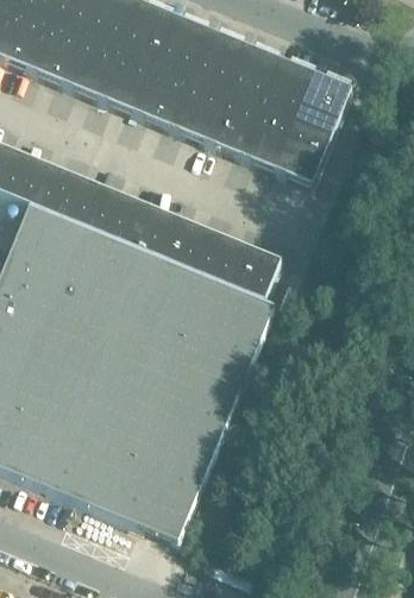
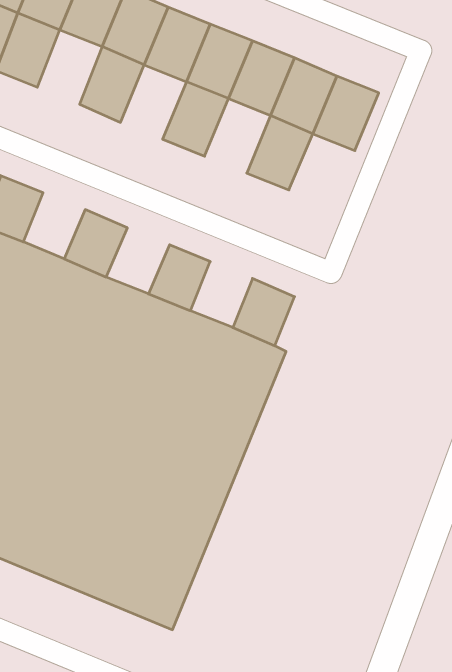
building: [62,31,117,94] -> none
building: [132,61,188,124] -> none
building: [203,89,259,152] -> none
building: [275,119,331,182] -> none
building: [50,169,102,225] -> none
building: [120,199,174,254] -> none
building: [192,227,244,283] -> none

